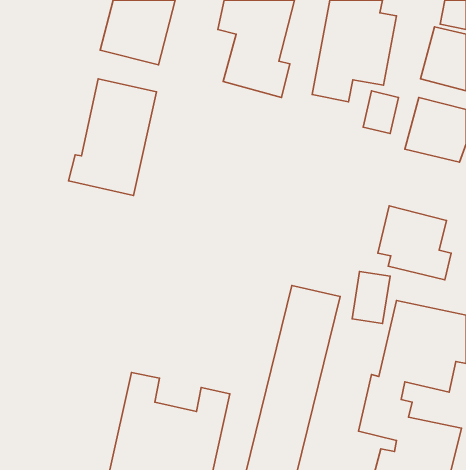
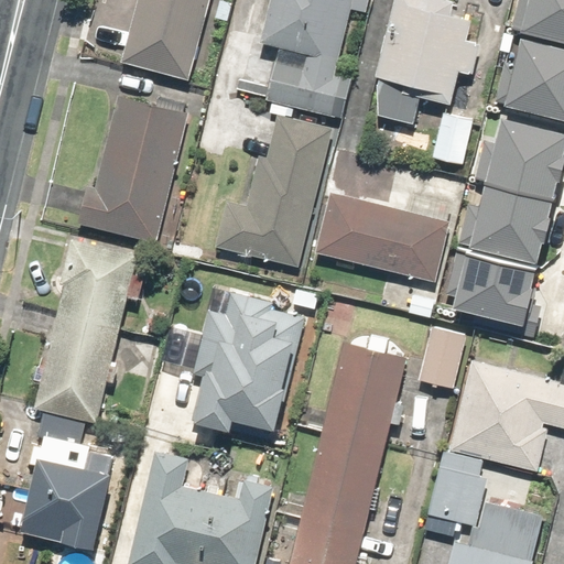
building: none -> [215,116,330,270]
building: none -> [466,182,546,258]
building: none -> [318,192,454,284]
building: none -> [29,236,139,421]
building: none -> [191,288,304,433]
building: none -> [25,436,112,545]

